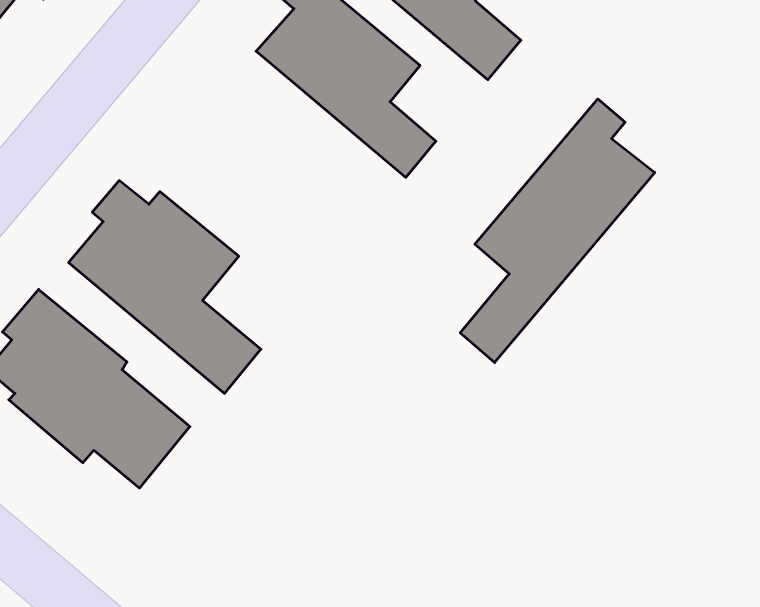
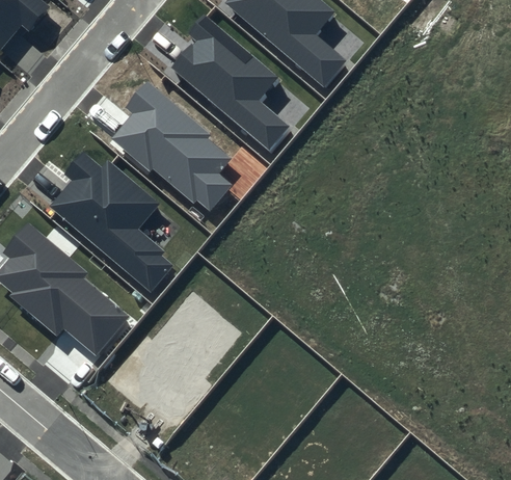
building: none -> [109,81,232,209]
building: [460,99,655,363] -> none

